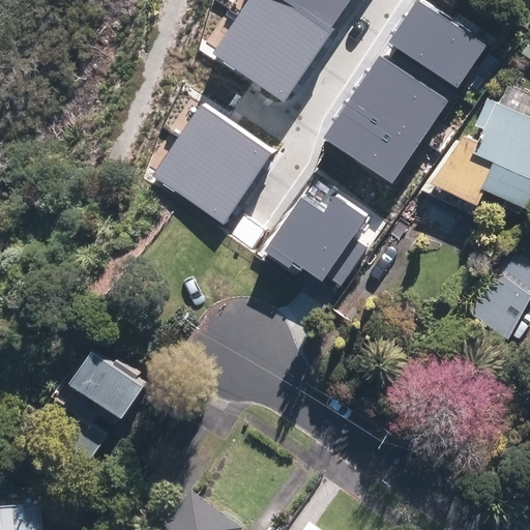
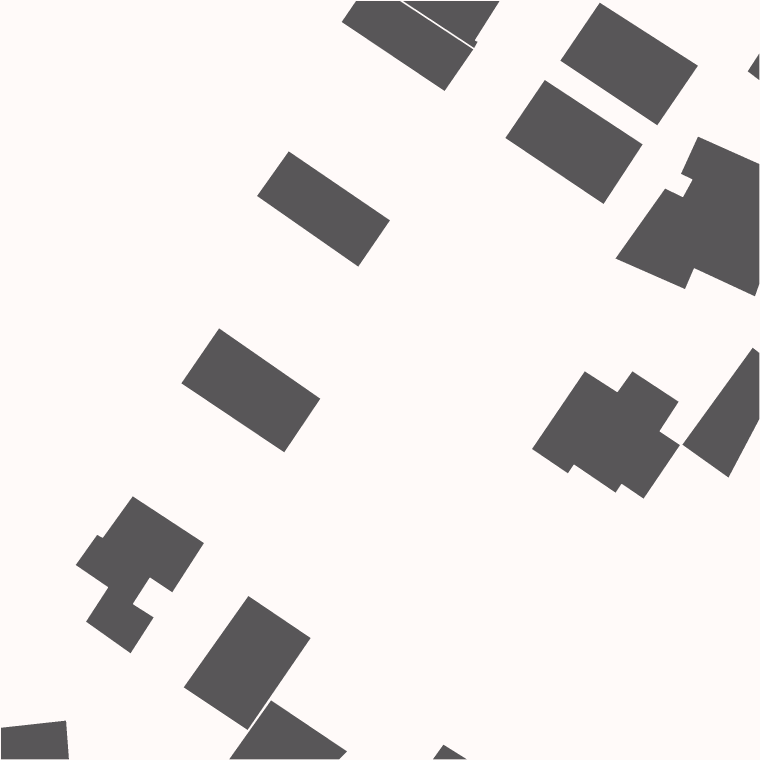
building: [212,16,310,102] -> none
building: [323,96,420,184] -> none
building: [151,137,249,225] -> [180,327,322,454]
building: [263,196,367,286] -> [531,370,681,500]
building: none -> [182,595,312,731]

